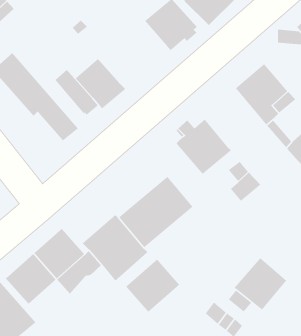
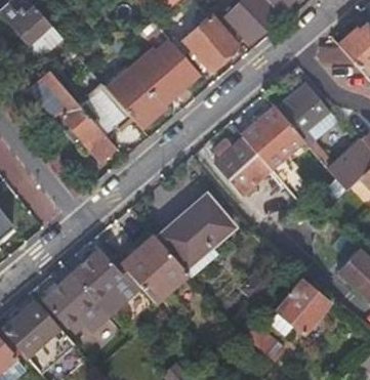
building: none -> [135,48,196,102]
building: none -> [242,108,302,168]
building: [125,258,180,313] -> none

